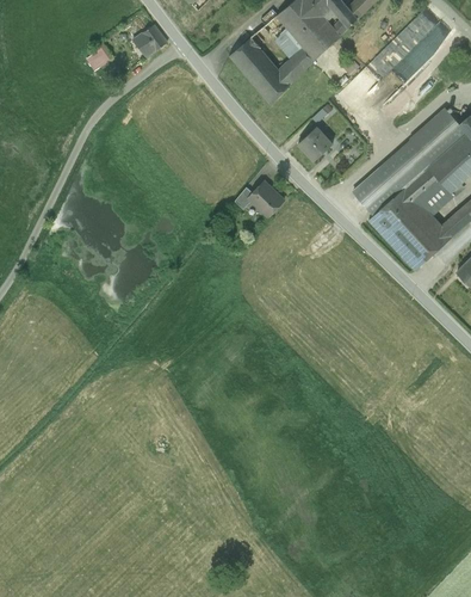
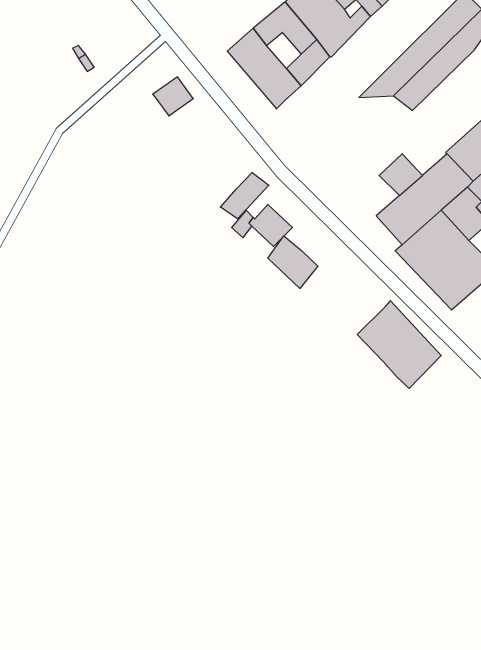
building: [134,24,167,56] -> [153,77,193,116]
building: [298,125,334,160] -> [379,154,423,196]
building: none -> [220,172,269,219]
building: none -> [268,236,318,288]
building: none -> [357,301,441,388]

